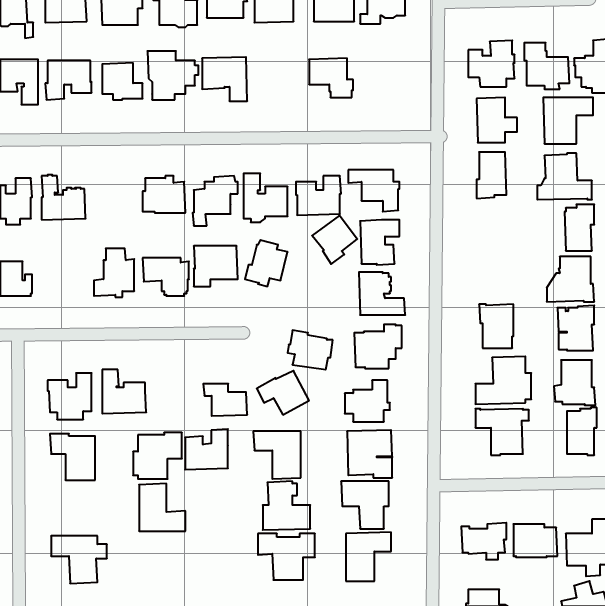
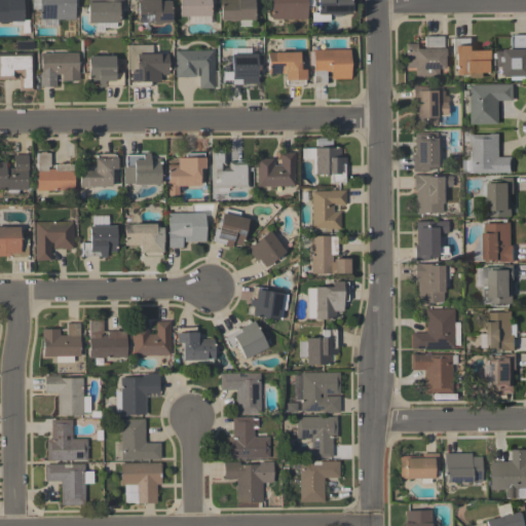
building: none -> [224,47,259,83]
building: none -> [314,49,352,82]
building: none -> [81,153,119,186]
building: none -> [415,174,453,214]
building: [312,215,357,264] -> [248,230,287,272]
building: none -> [36,221,75,260]
building: none -> [416,221,450,260]
building: [185,429,228,470] -> [135,321,172,355]
building: none -> [48,419,88,460]
building: none -> [121,462,162,503]

